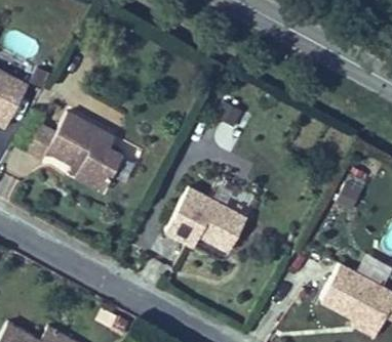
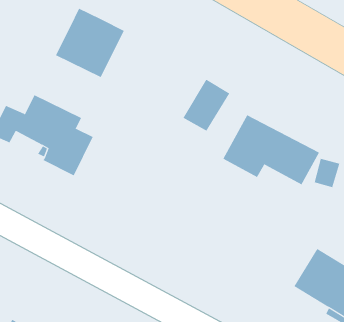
building: none -> [55,8,124,78]
building: [172,189,267,258] -> [222,114,320,185]

